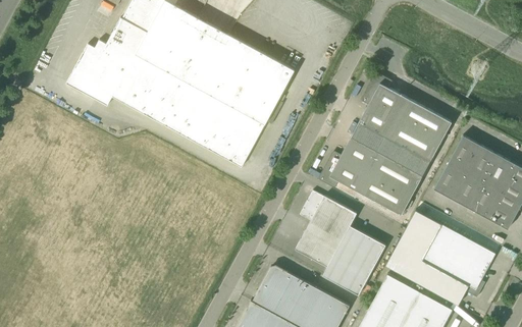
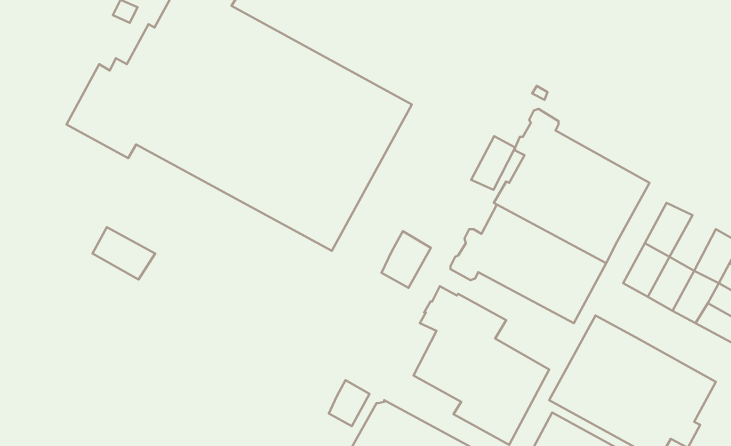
building: none -> [471,136,515,190]
building: [465,144,495,180] -> none
building: none -> [93,227,155,279]
building: none -> [382,231,431,288]
building: none -> [329,380,369,426]

